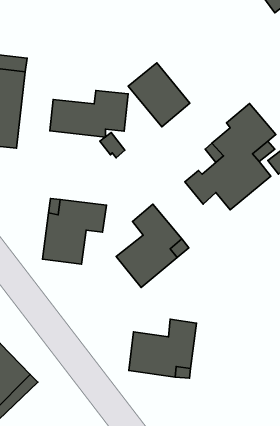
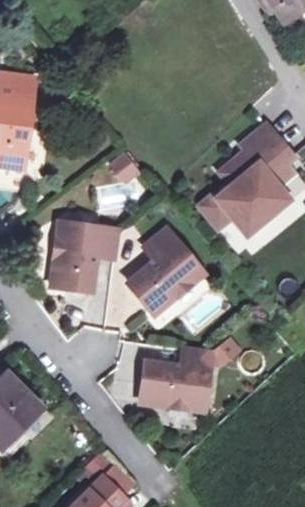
building: [128,63,190,127] -> none
building: [50,90,128,137] -> none

